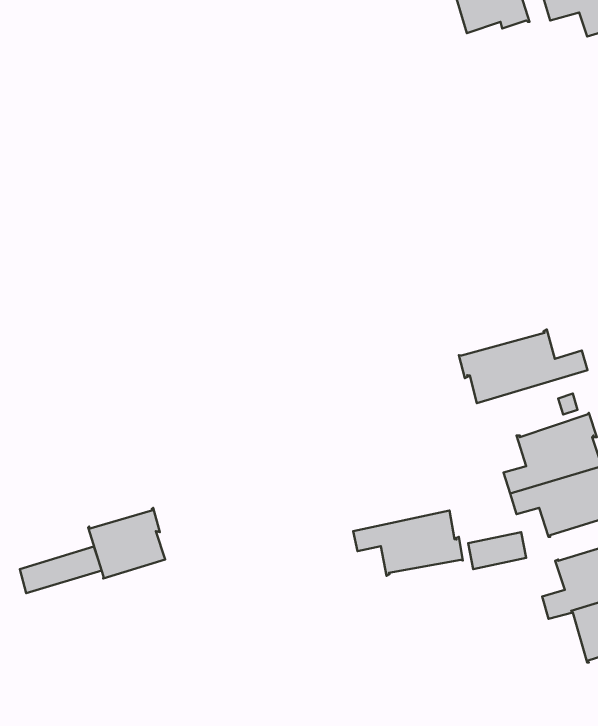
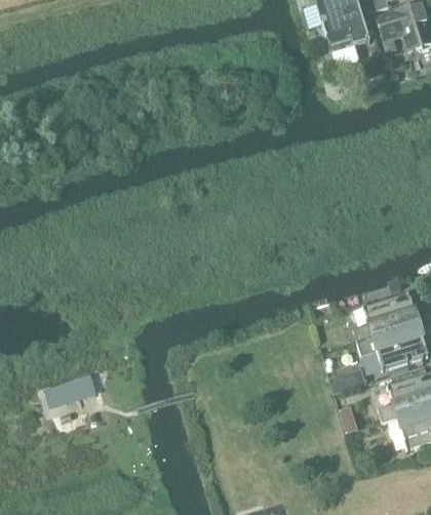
building: [459,330,588,403] -> none
building: [88,508,165,579] -> none
building: [353,511,463,576] -> none

